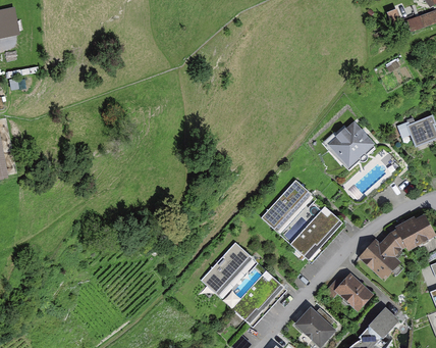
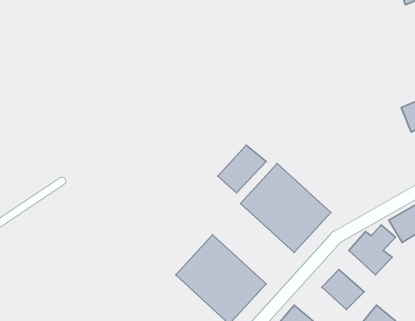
building: [328,122,375,169] -> none
building: none -> [218,145,266,193]

